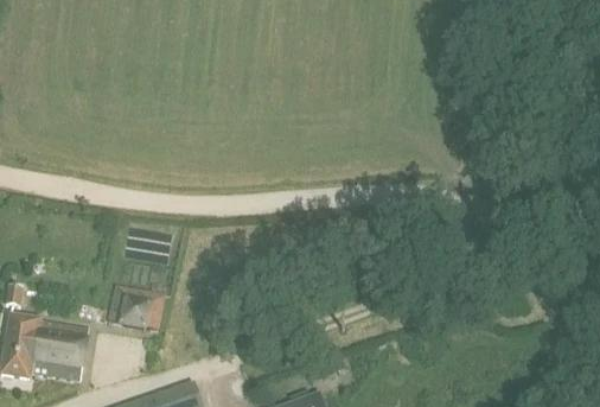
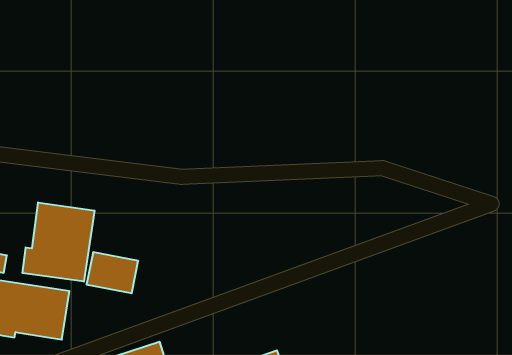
building: none -> [22,202,95,282]

